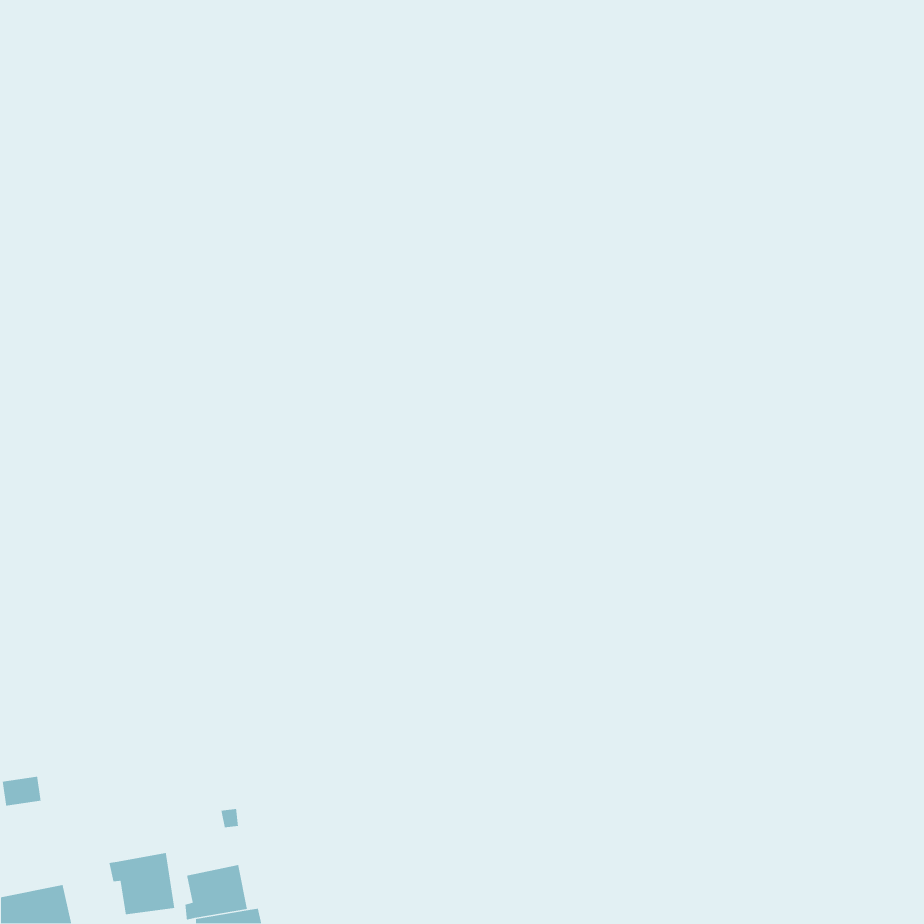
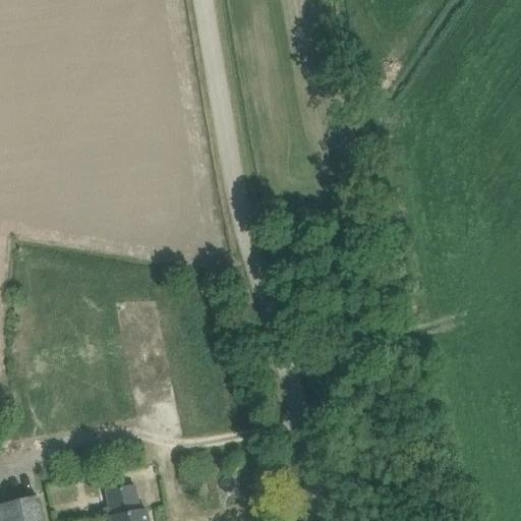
building: [108,852,175,915] -> none

